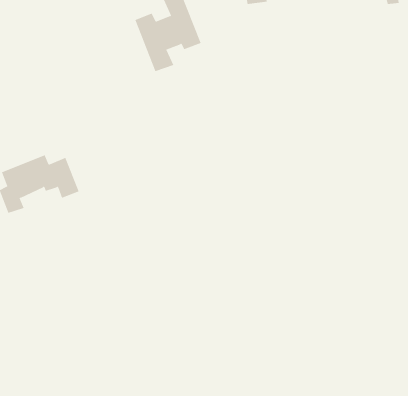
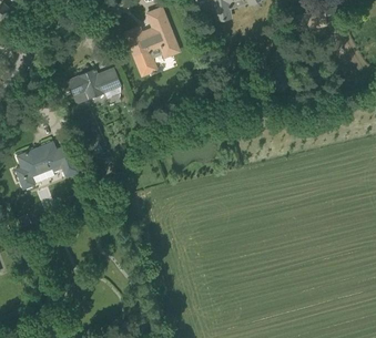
building: none -> [67,69,120,103]

